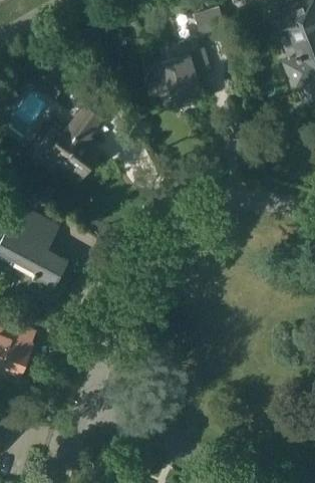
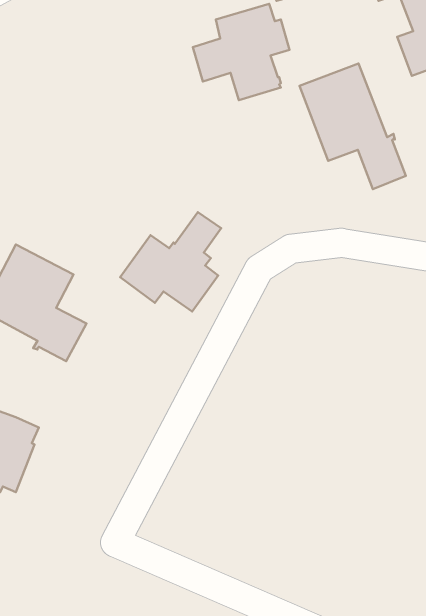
building: none -> [300,64,406,189]
building: [31,109,101,179] -> [120,212,221,312]

